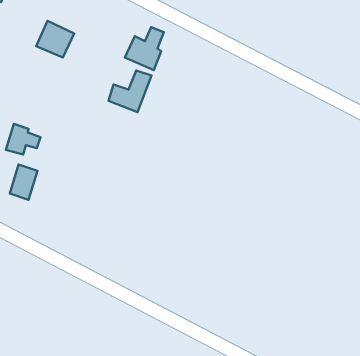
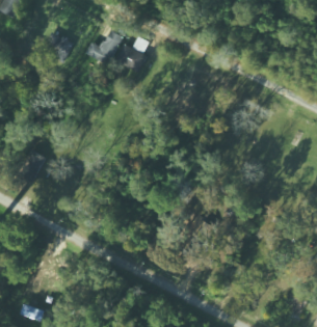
building: [108,71,151,112] -> [85,30,121,64]
building: [6,124,40,154] -> none

